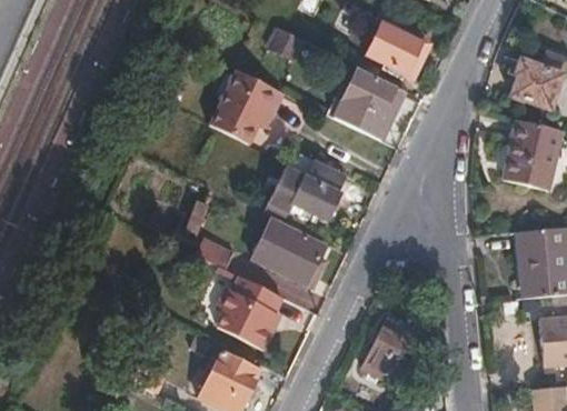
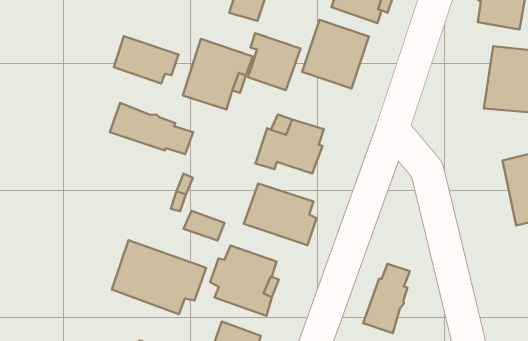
building: none -> [114,36,179,84]
building: none -> [248,33,301,90]
building: none -> [110,103,193,154]
building: none -> [112,240,206,314]

